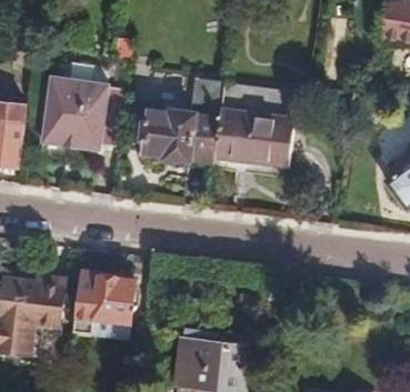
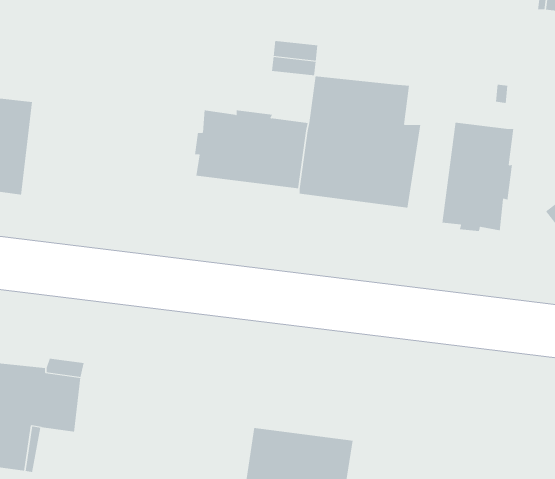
building: [44,87,124,149] -> none
building: none -> [442,122,514,232]
building: [71,274,133,334] -> none

